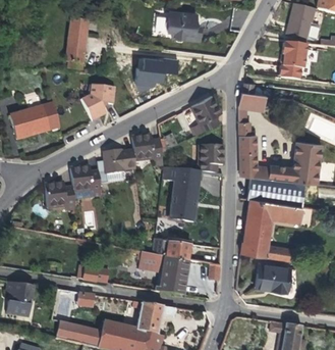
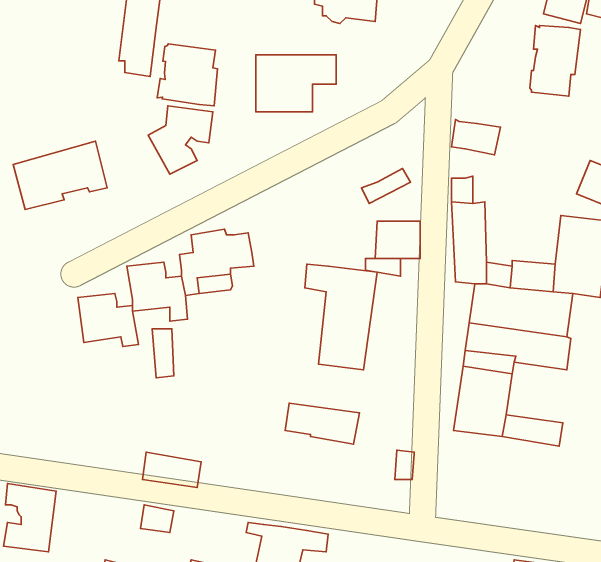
building: none -> [157,44,218,106]
building: [191,95,222,123] -> none
building: [132,134,164,166] -> none
building: [137,251,188,294] -> none
building: [256,263,291,292] -> none

